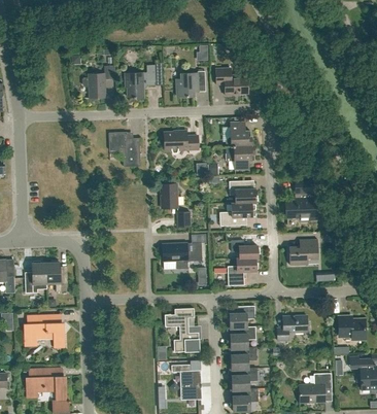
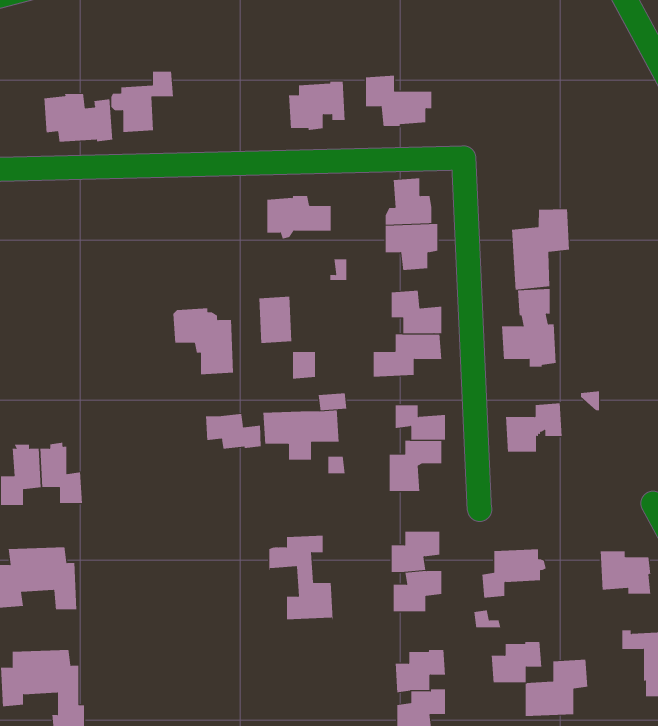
building: [125,65,156,99] -> none
building: none -> [44,93,113,142]
building: [108,132,140,167] -> [173,308,234,375]
building: none -> [511,208,569,291]
building: none -> [206,413,261,449]
building: [230,347,256,369] -> [491,641,542,683]
building: [171,365,201,399] -> none

